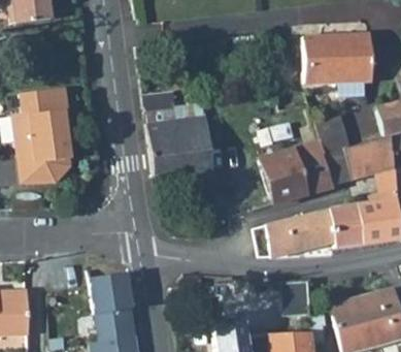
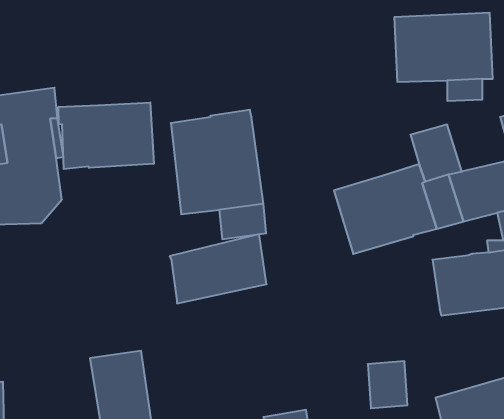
building: none -> [59,102,154,169]
building: [267,207,335,256] -> [170,234,267,303]

